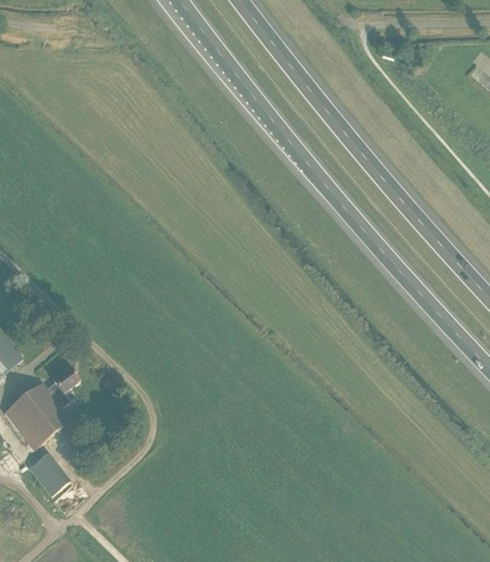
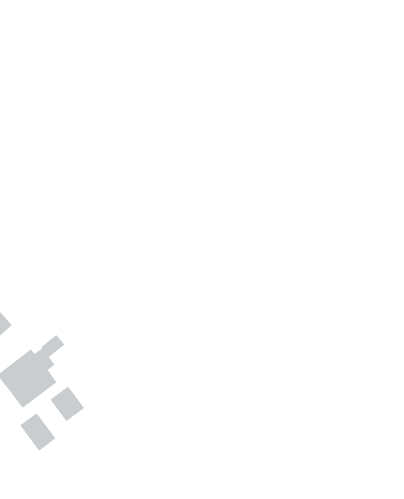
building: none -> [49,385,85,422]

